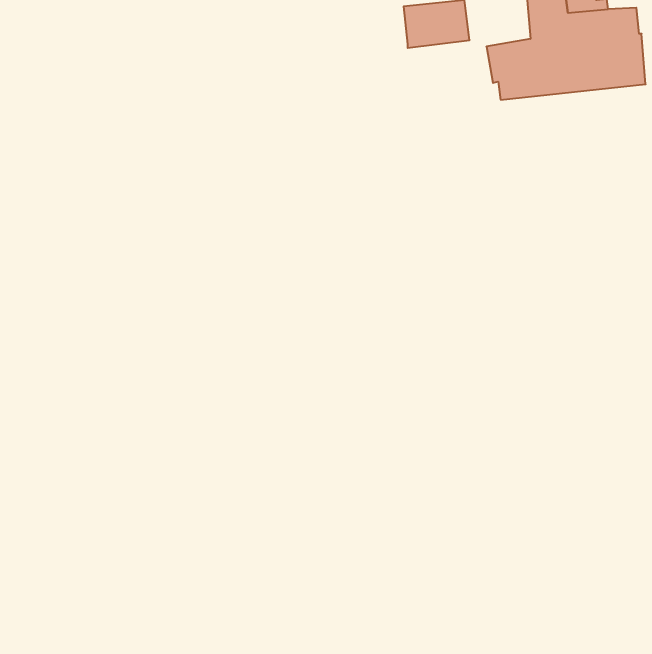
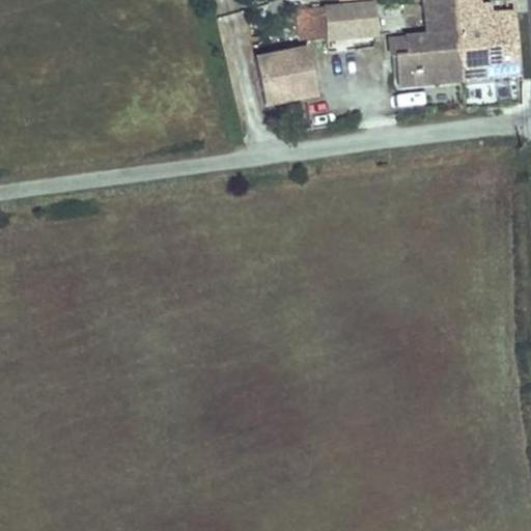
building: none -> [297,5,327,38]
building: none -> [253,47,319,107]

